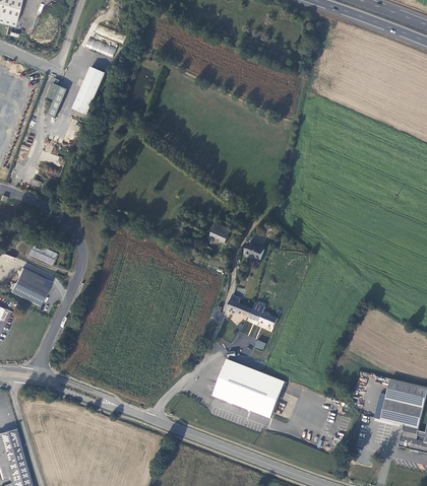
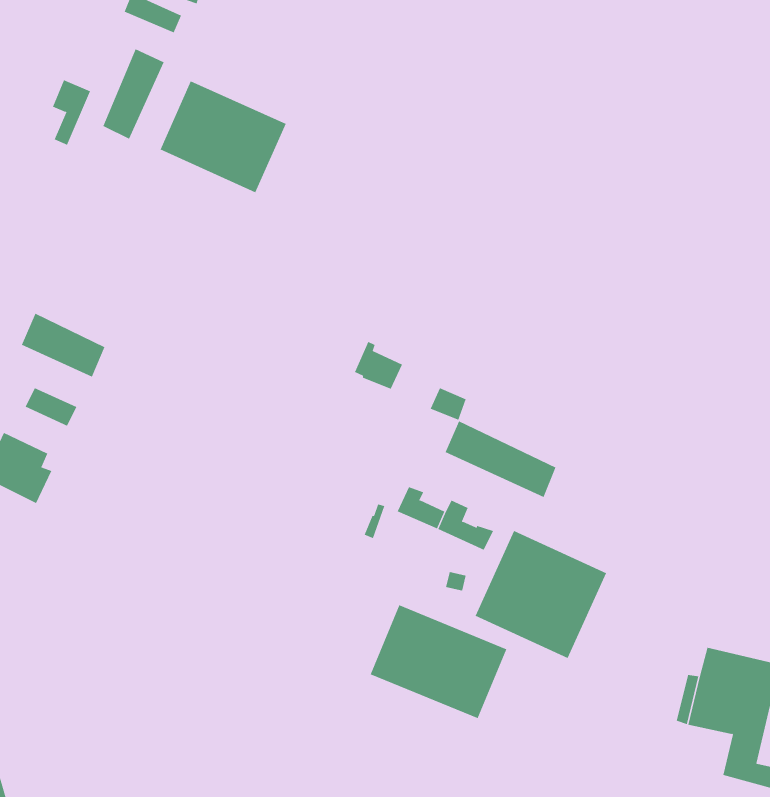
building: none -> [160,80,287,193]
building: none -> [21,313,105,377]
building: none -> [445,421,556,498]
building: none -> [475,530,607,659]

